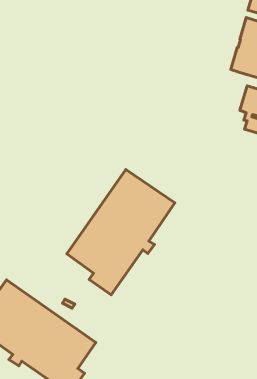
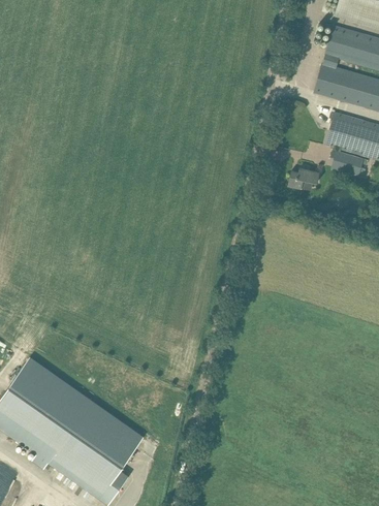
building: none -> [289,166,320,188]
building: [67,169,175,295] -> none

